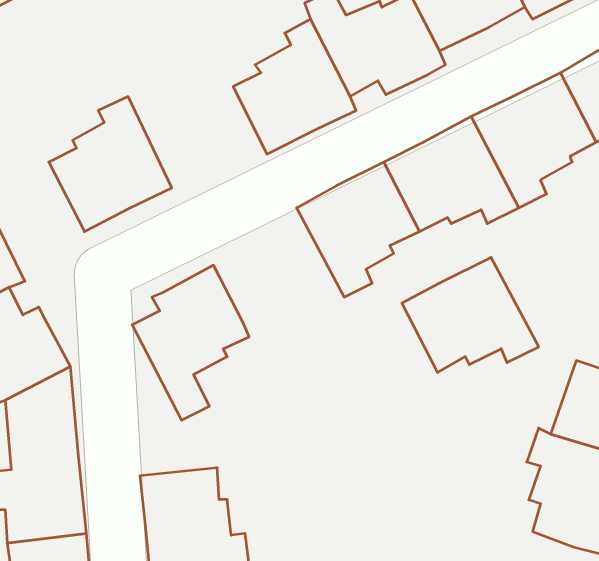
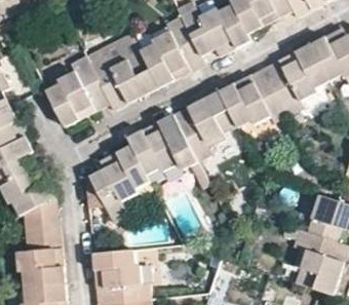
building: none -> [86,48,158,110]
building: [402,257,539,373] -> [127,114,198,174]

